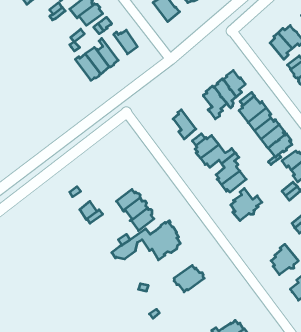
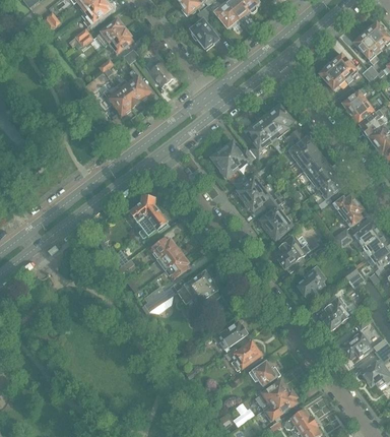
building: none -> [221,141,255,169]
building: none -> [129,197,169,238]
building: none -> [297,265,327,297]
building: none -> [225,339,262,367]
building: none -> [249,360,280,386]

